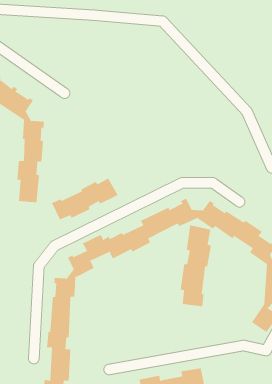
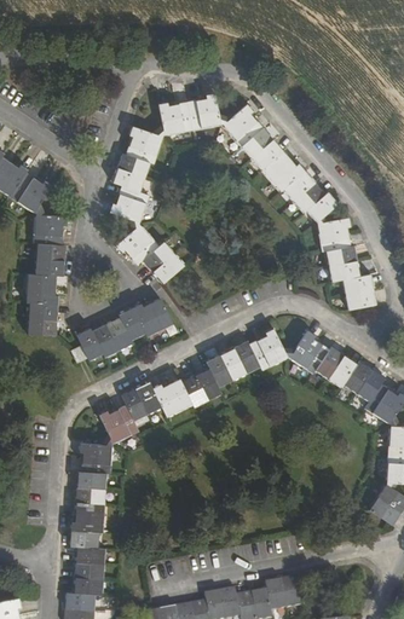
building: none -> [109,93,376,310]
building: [180,224,211,307] -> none

